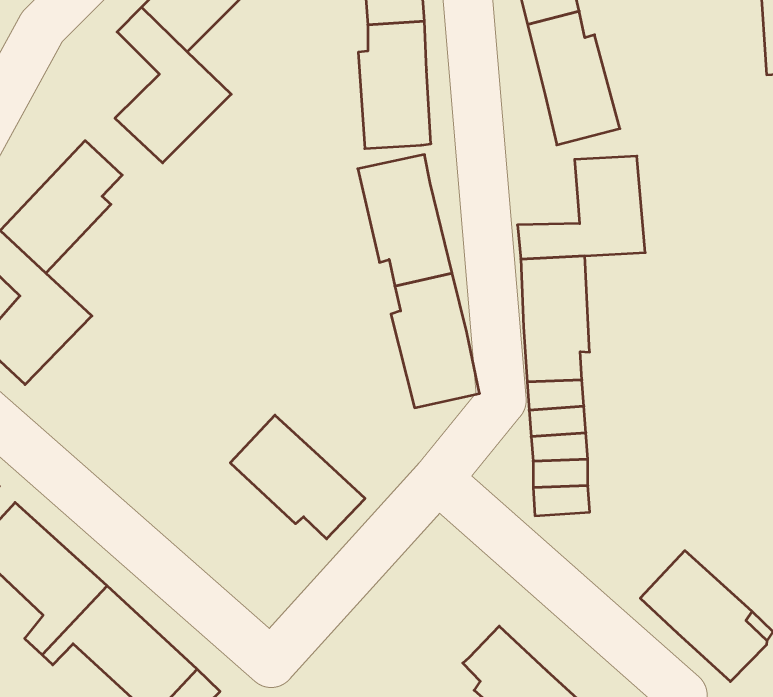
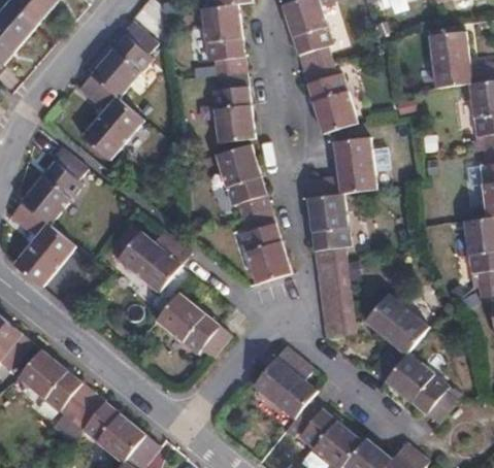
building: none -> [118,230,192,292]
building: none -> [366,294,430,379]
building: none -> [254,345,318,419]

